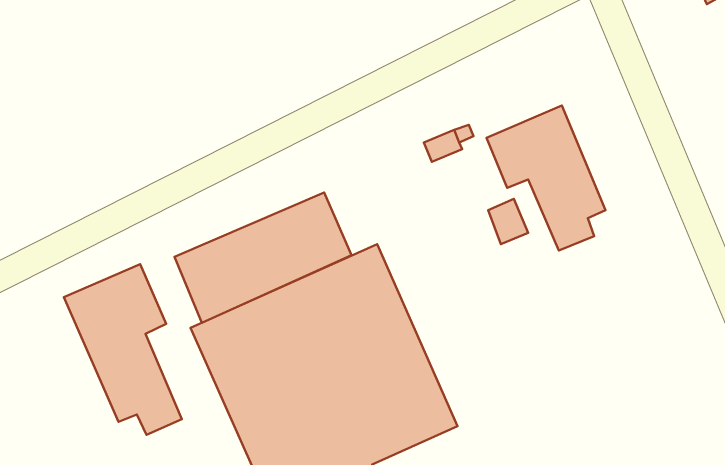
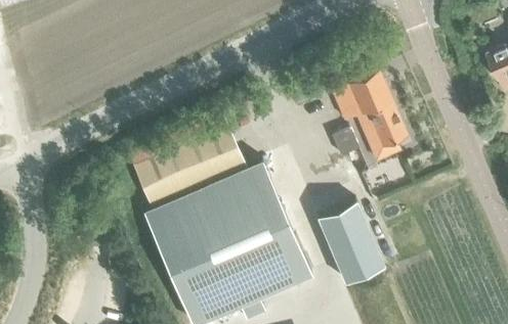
building: [64,264,182,435] -> none
building: none -> [319,204,389,289]

